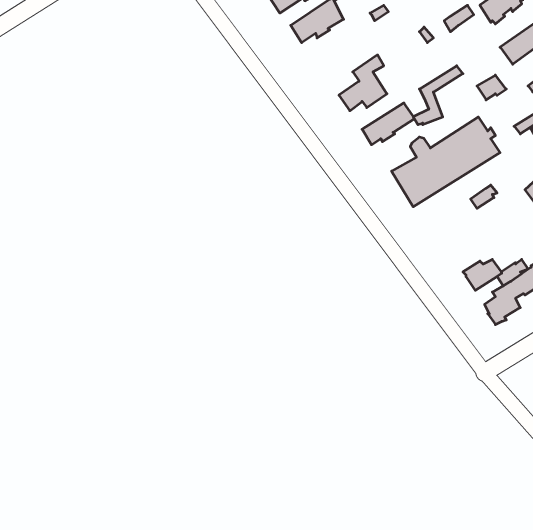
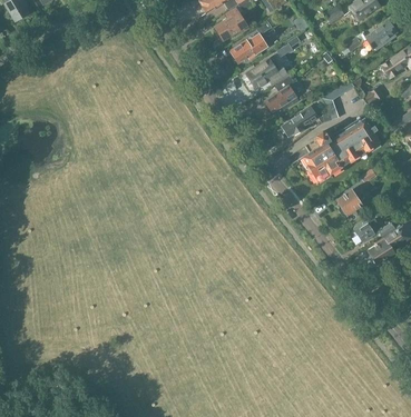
building: none -> [245,57,290,90]
building: none -> [337,186,364,216]

